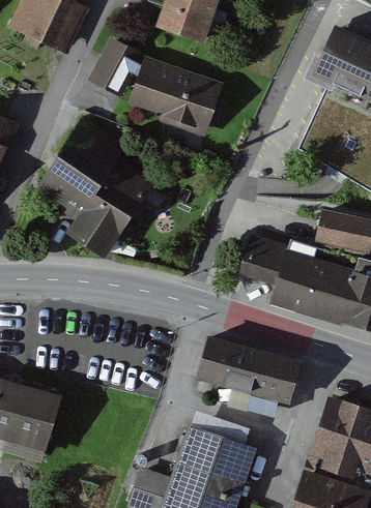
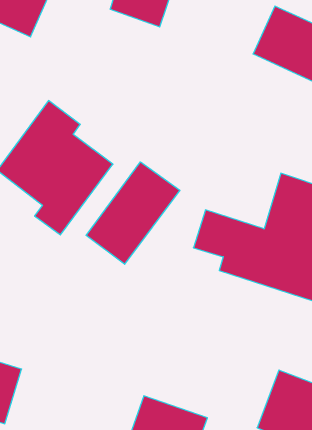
building: [93,41,218,135] -> none
building: none -> [86,162,180,264]
building: [194,336,296,404] -> none

